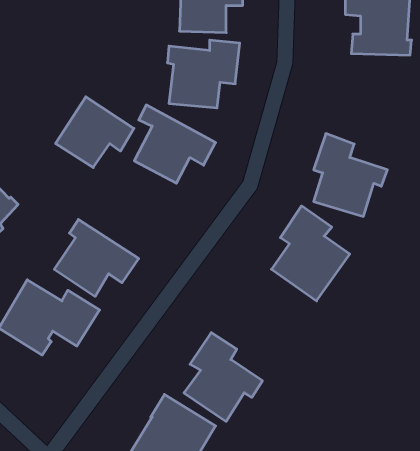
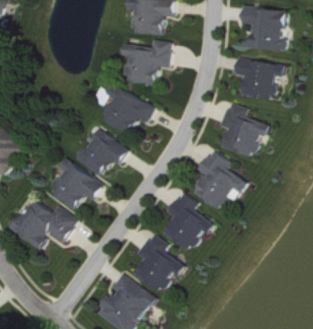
building: none -> [235,58,283,99]
building: [56,97,134,168] -> [77,128,129,175]
building: none -> [163,192,216,250]

